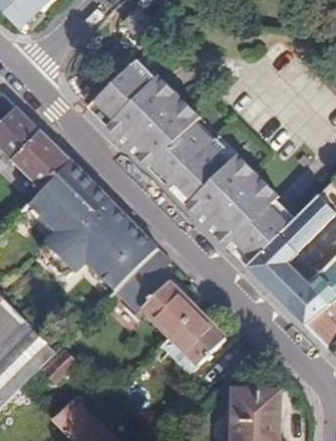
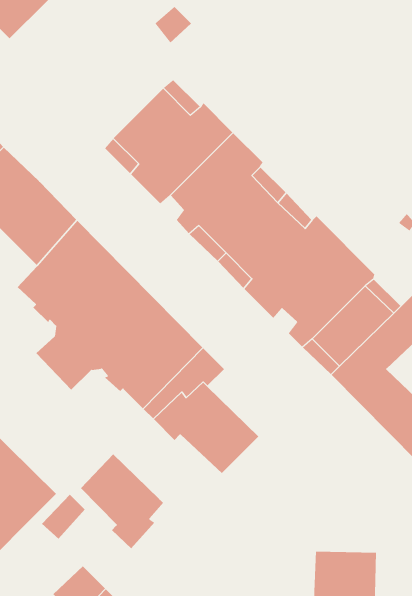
building: [171,309,226,364] -> none
building: none -> [80,453,164,549]

